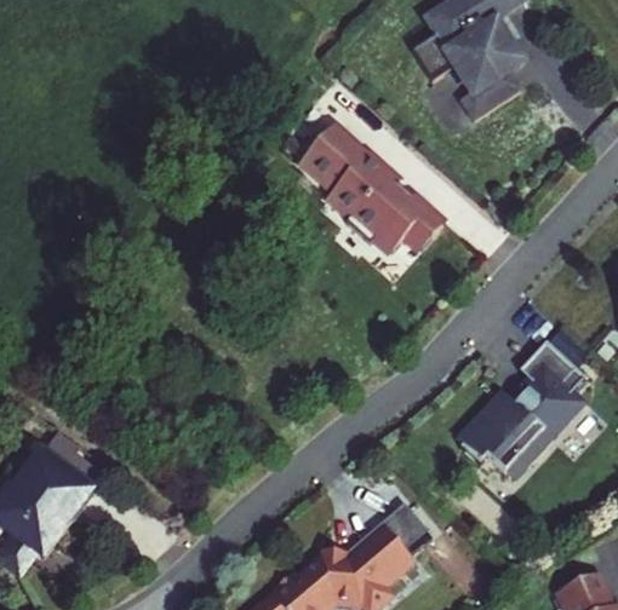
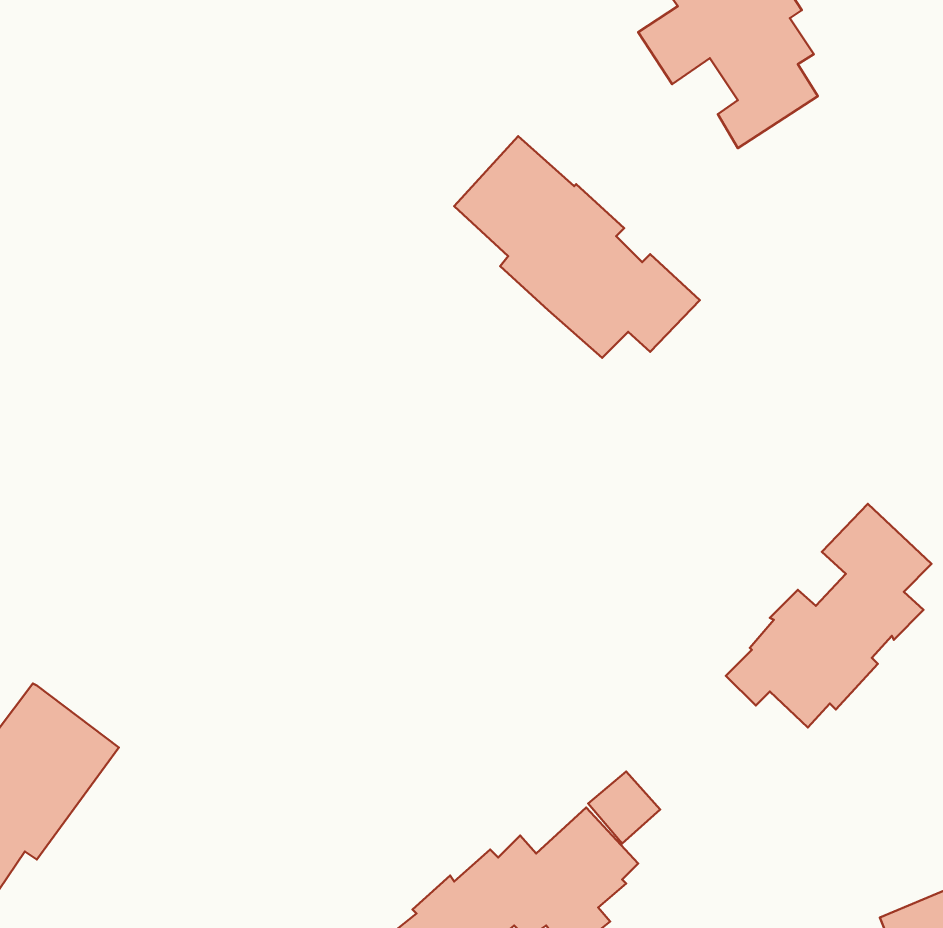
building: [45,431,105,490] -> none

